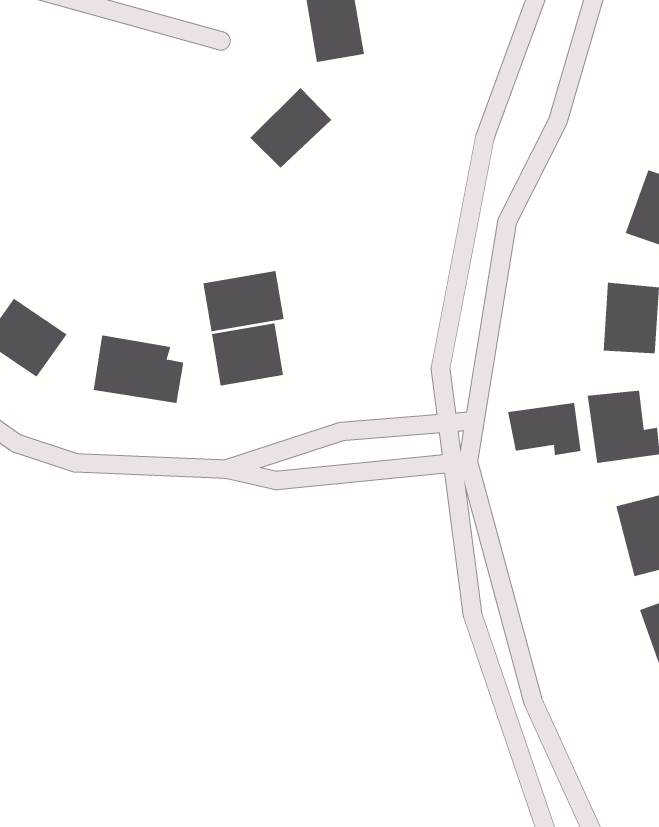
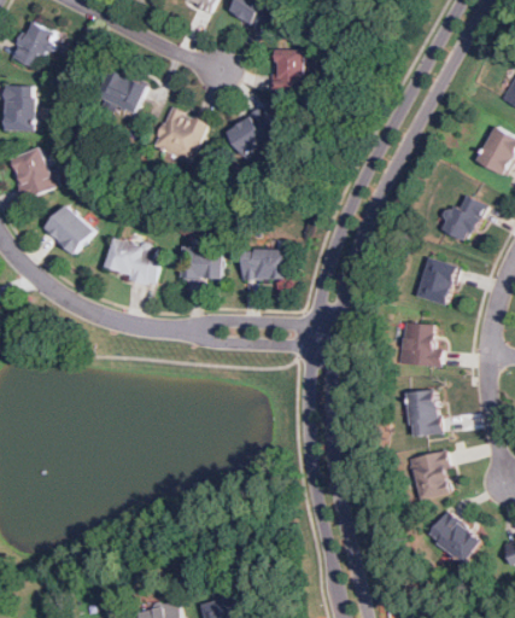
building: none -> [95,68,145,113]
building: none -> [153,107,205,161]
building: [202,271,284,332] -> [240,249,286,279]
building: [508,402,581,456] -> none

